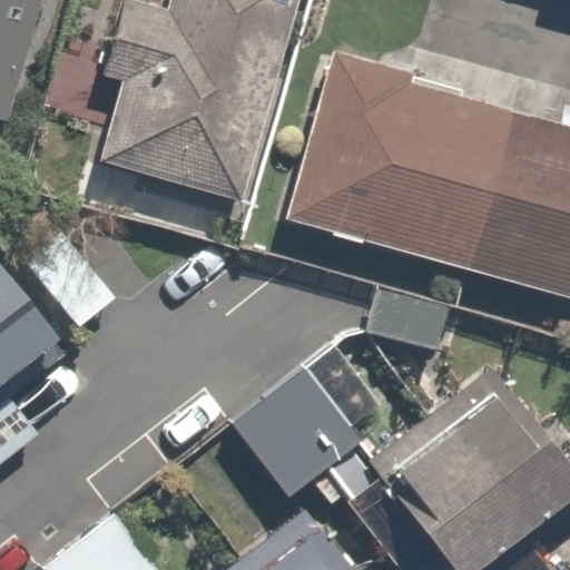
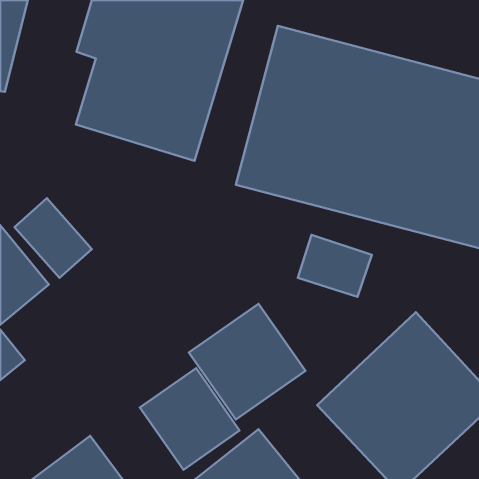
building: none -> [140,368,240,470]

